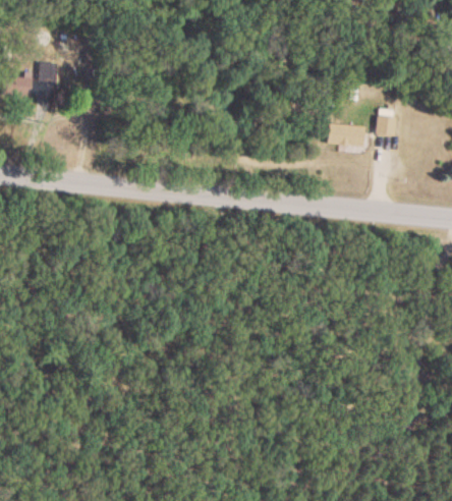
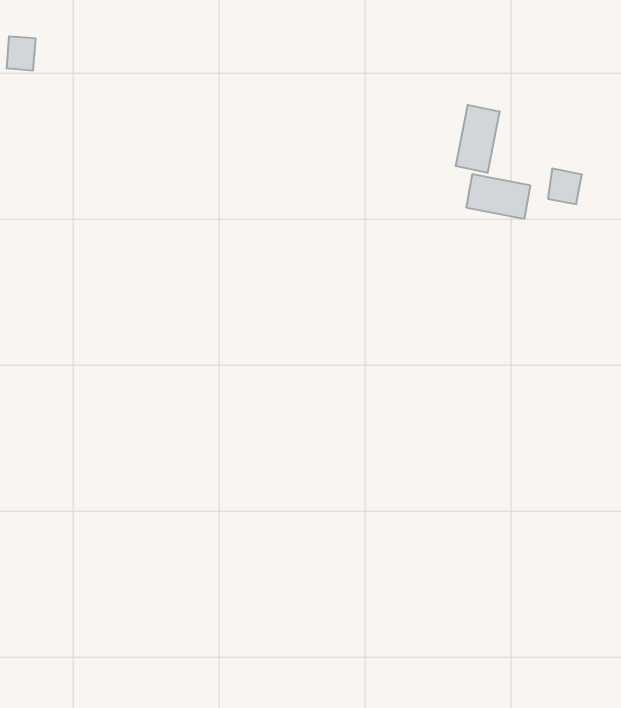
building: none -> [456,105,500,173]

